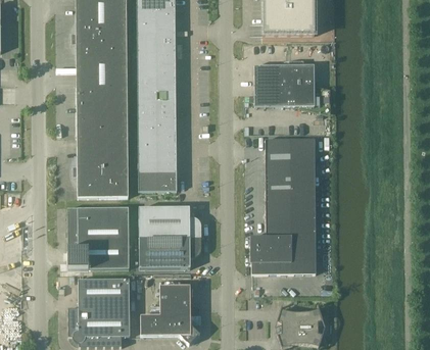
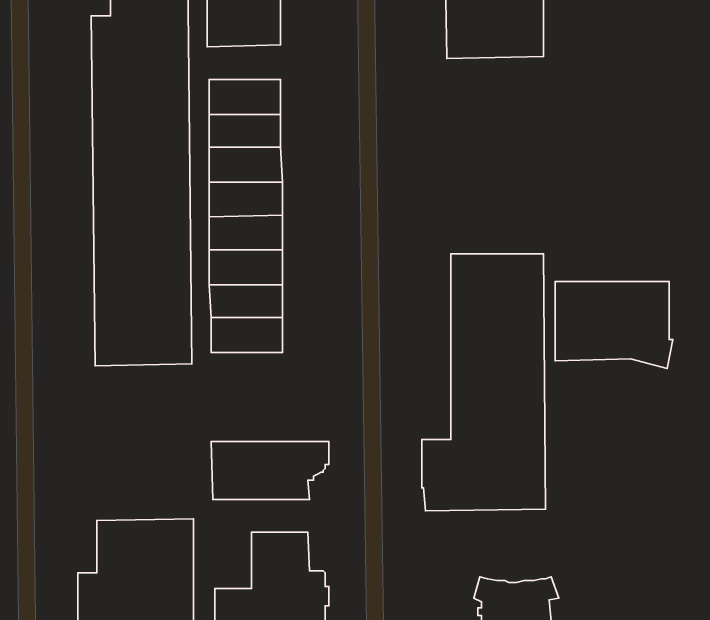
building: [137,28,176,46] -> none
building: [254,64,317,110] -> [555,281,673,369]
building: [67,206,130,267] -> none
building: [139,206,201,237] -> none

